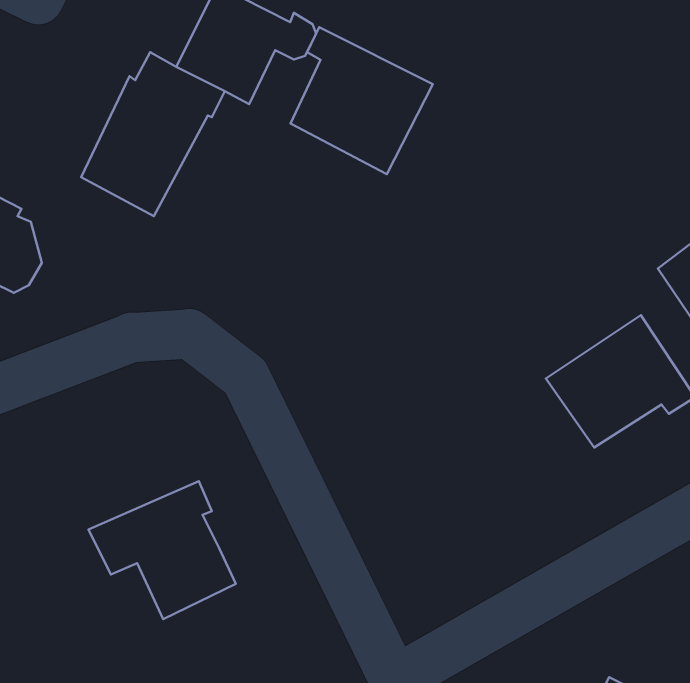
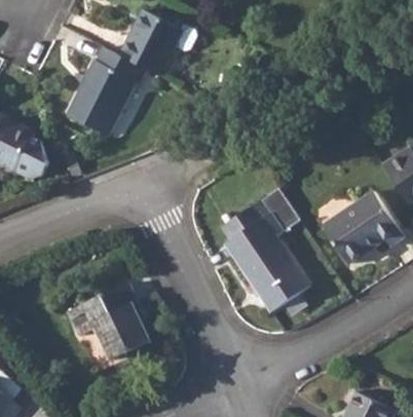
building: [290,27,433,174] -> none
building: none -> [225,189,310,311]

